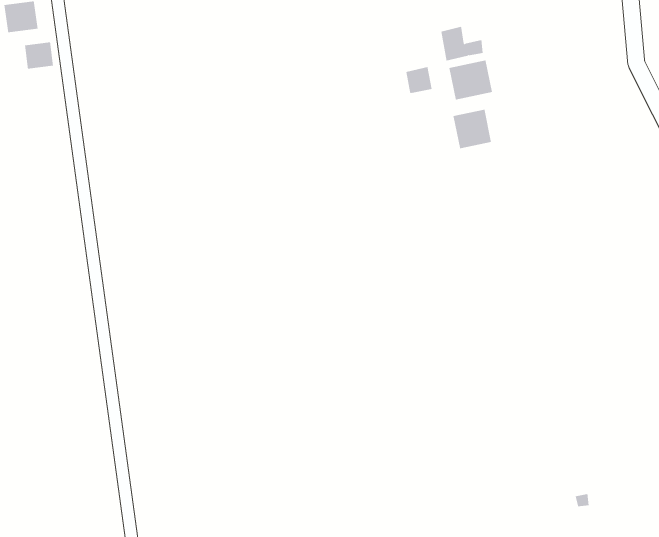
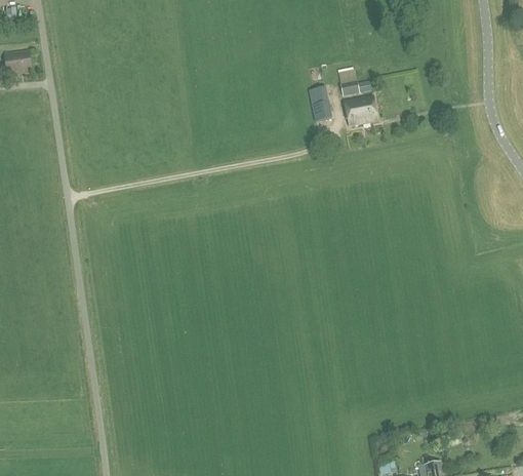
building: [25,41,54,69] -> none
building: [453,109,492,149] -> none

